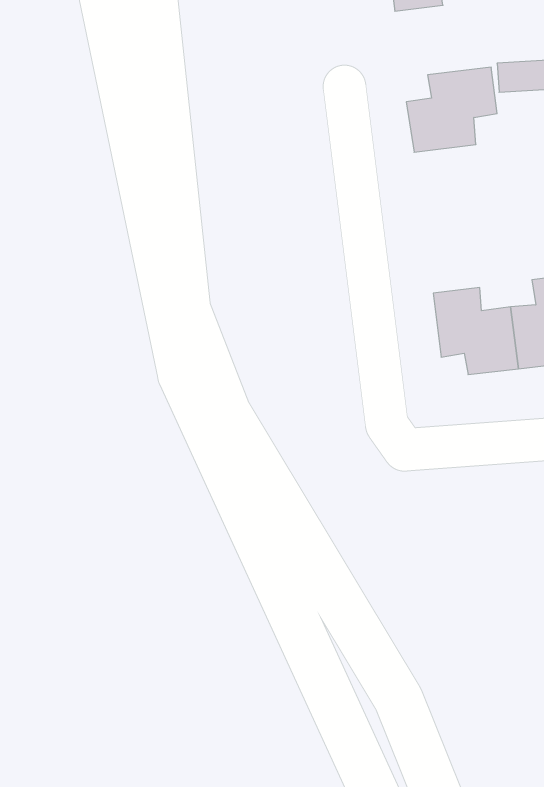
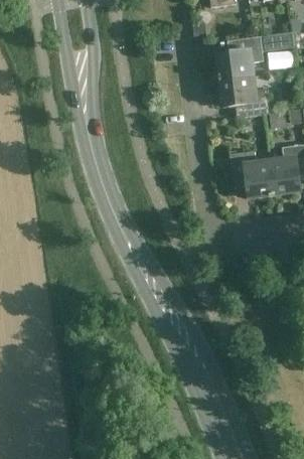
building: none -> [221,76,272,118]

